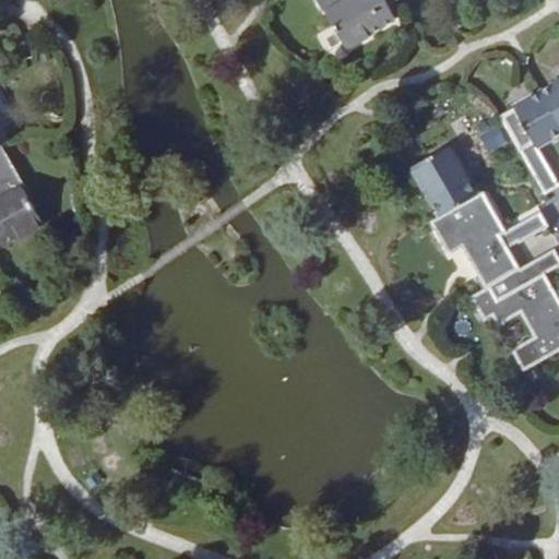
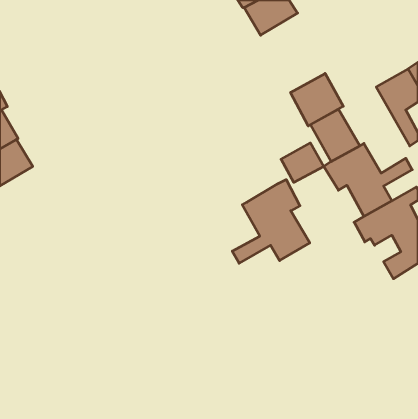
building: none -> [291,73,343,126]
building: none -> [281,143,324,182]
building: none -> [232,180,310,263]

